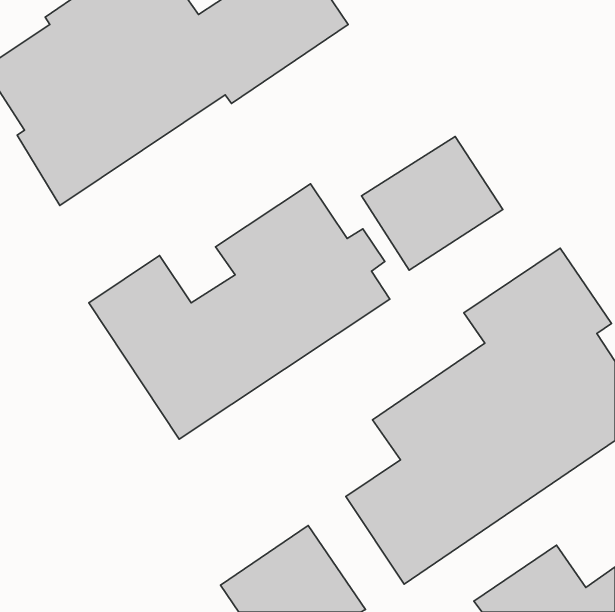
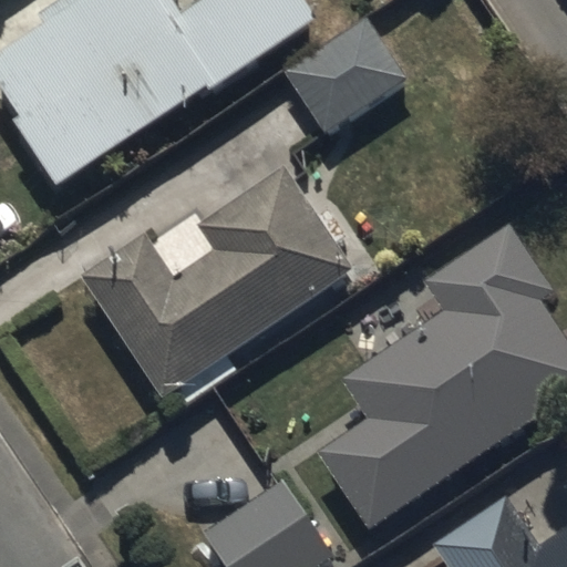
building: [362,136,503,270] -> [279,12,408,134]

